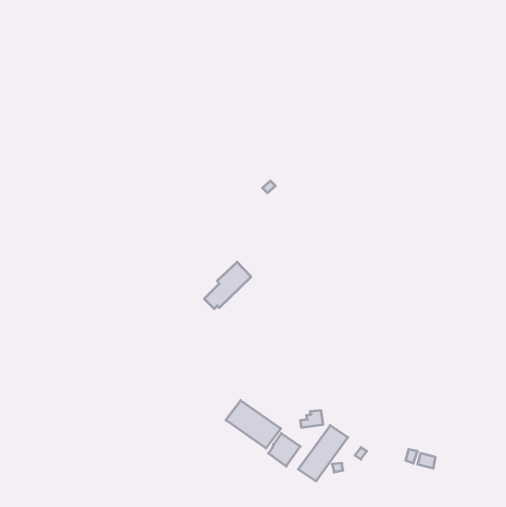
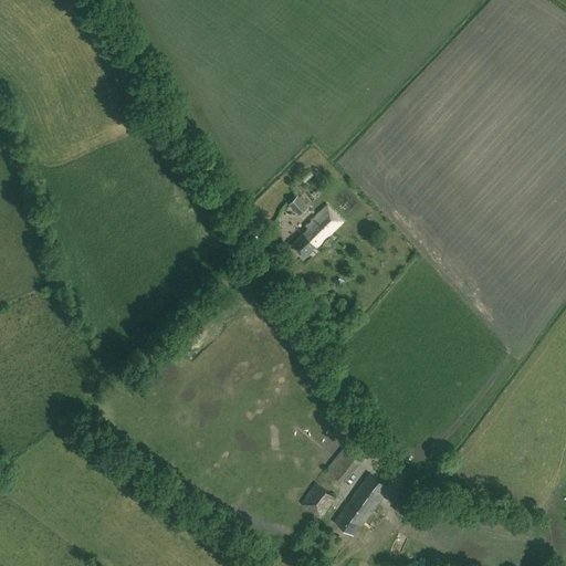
building: [204,262,251,309] -> [289,206,340,258]
building: [226,400,281,448] -> none

